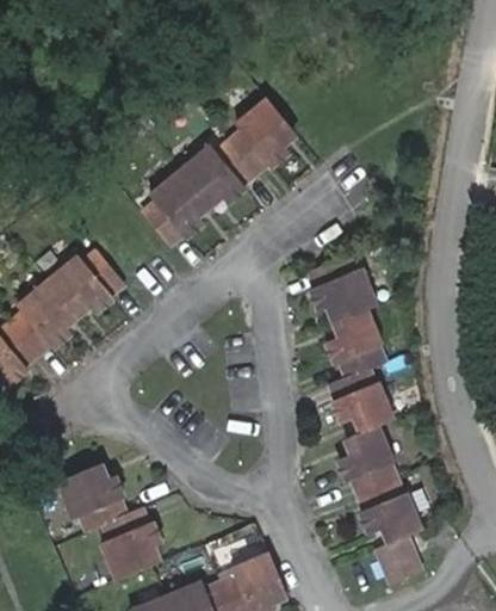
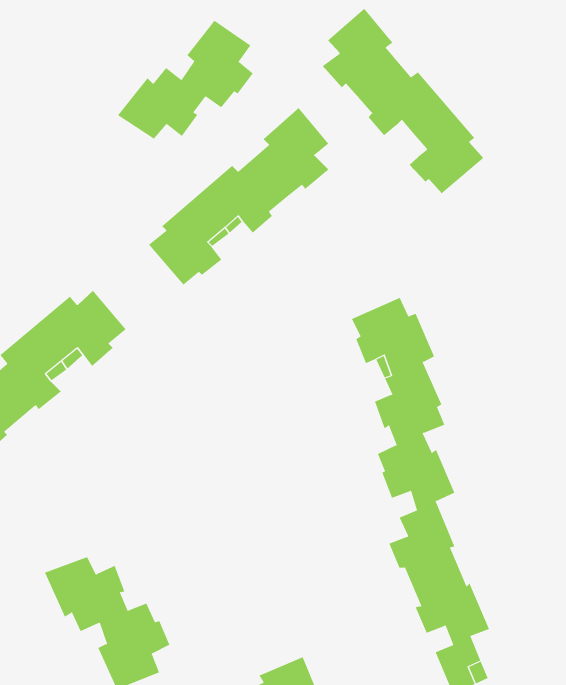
building: none -> [322,8,484,194]
building: none -> [117,20,254,140]

